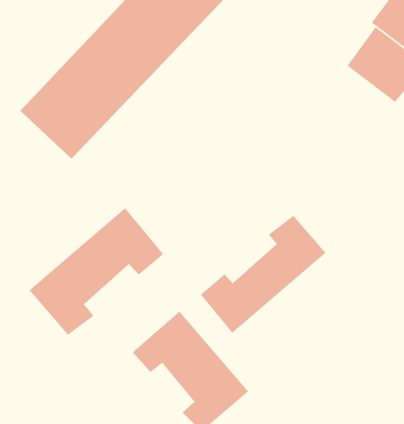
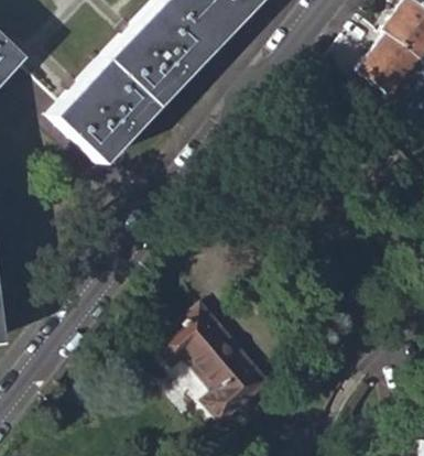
building: [28,207,164,336] -> none
building: [200,215,327,334] -> none

